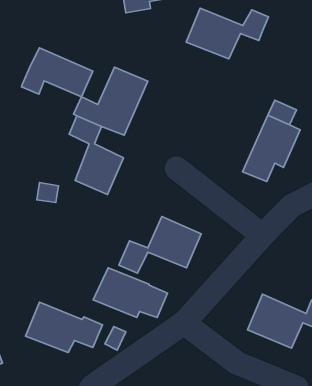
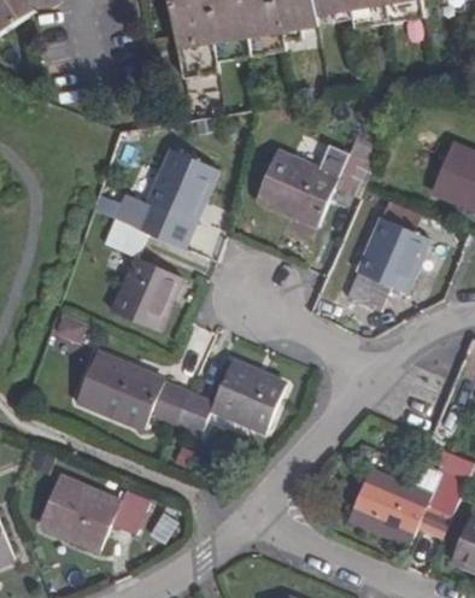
building: [186,8,268,59] -> [257,152,370,222]
building: [21,48,93,97] -> none
building: [93,268,168,317] -> [84,356,187,424]

